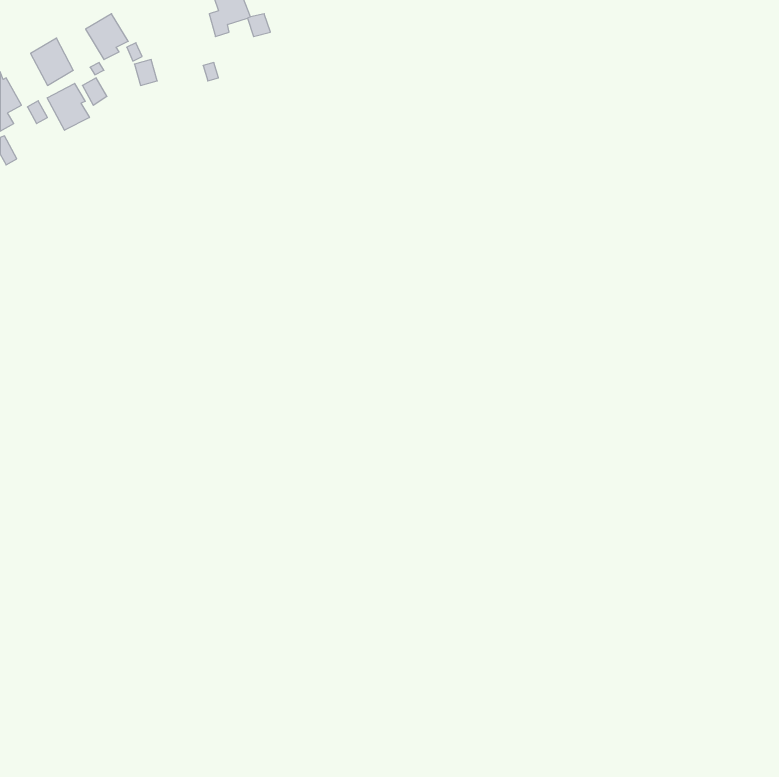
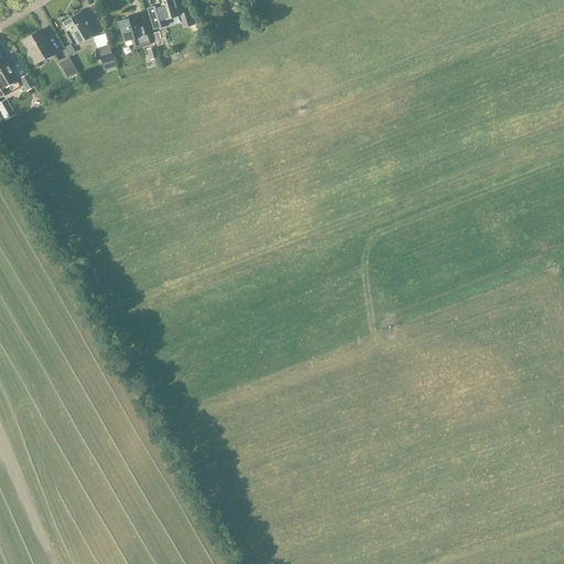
building: none -> [119,15,152,47]
building: [47,83,89,130] -> none

